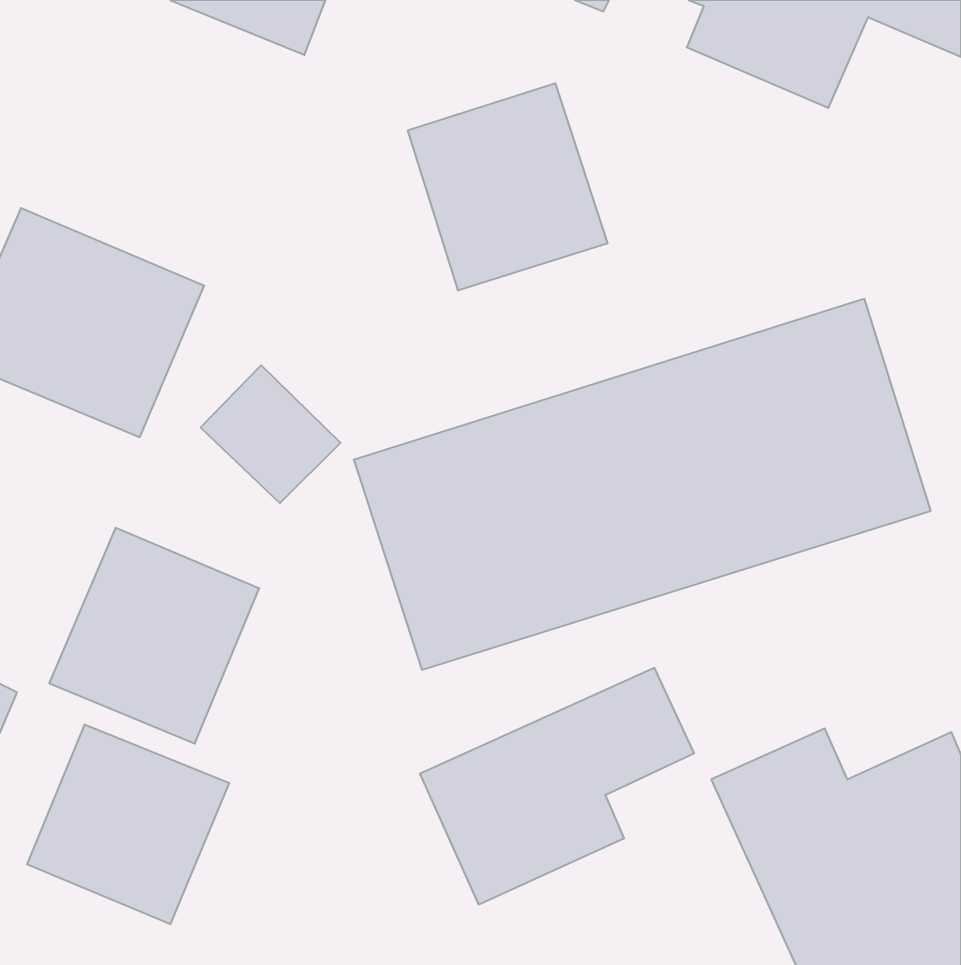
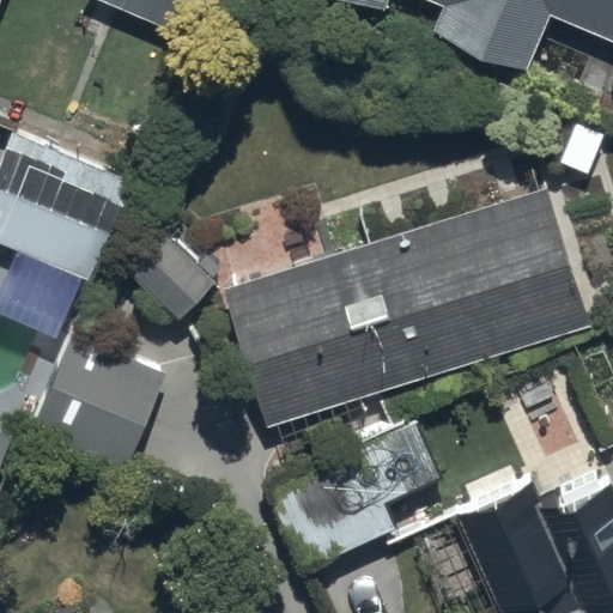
building: [408,83,607,291] -> none
building: [27,724,229,924] -> none

